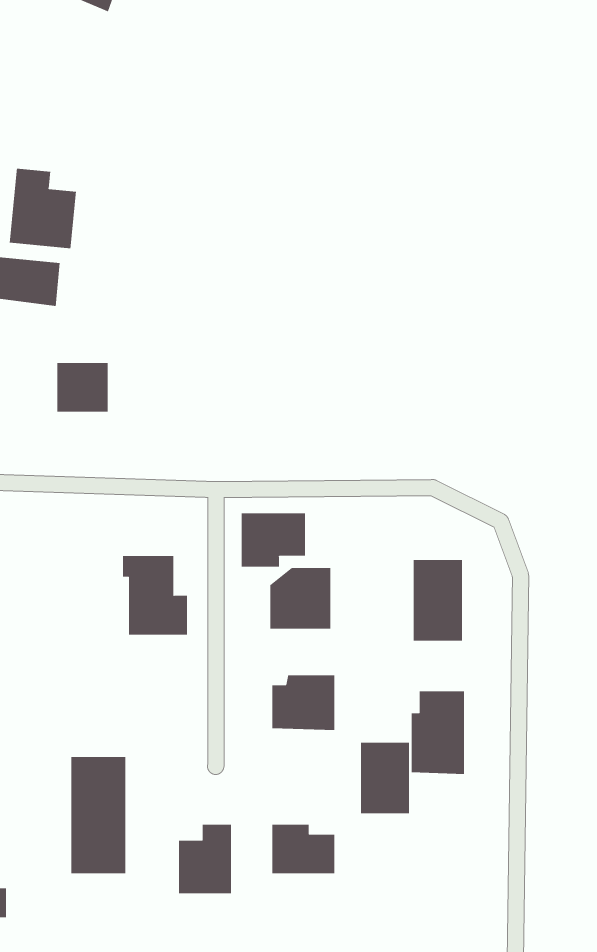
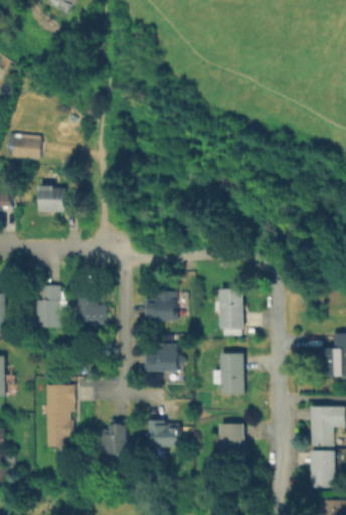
building: [9,168,77,249] -> none
building: [241,512,305,568] -> none
building: none -> [36,286,59,326]
building: [360,742,410,814] -> [218,423,243,460]

